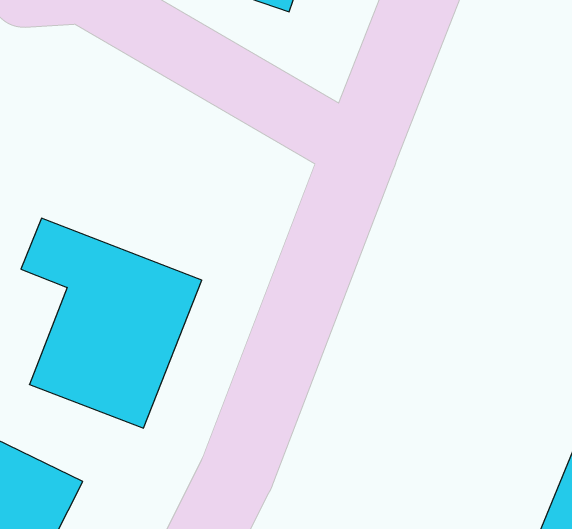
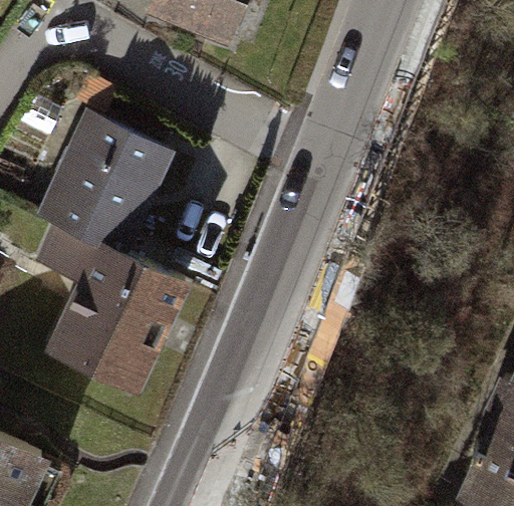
building: none -> [53,110,186,247]

